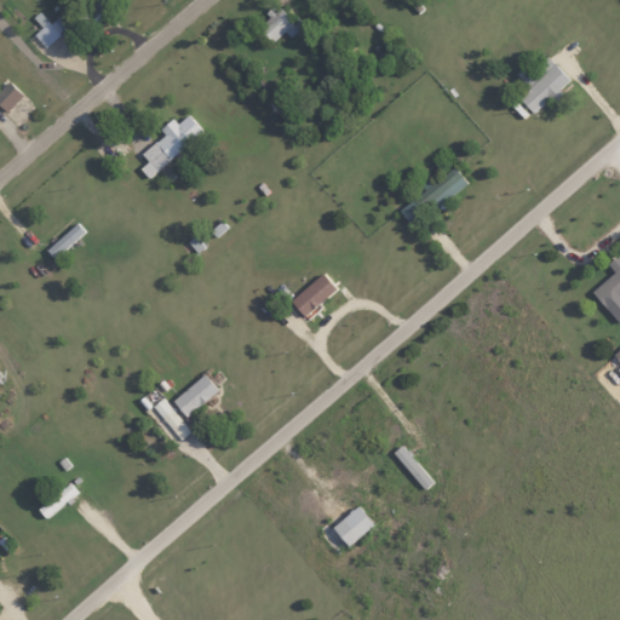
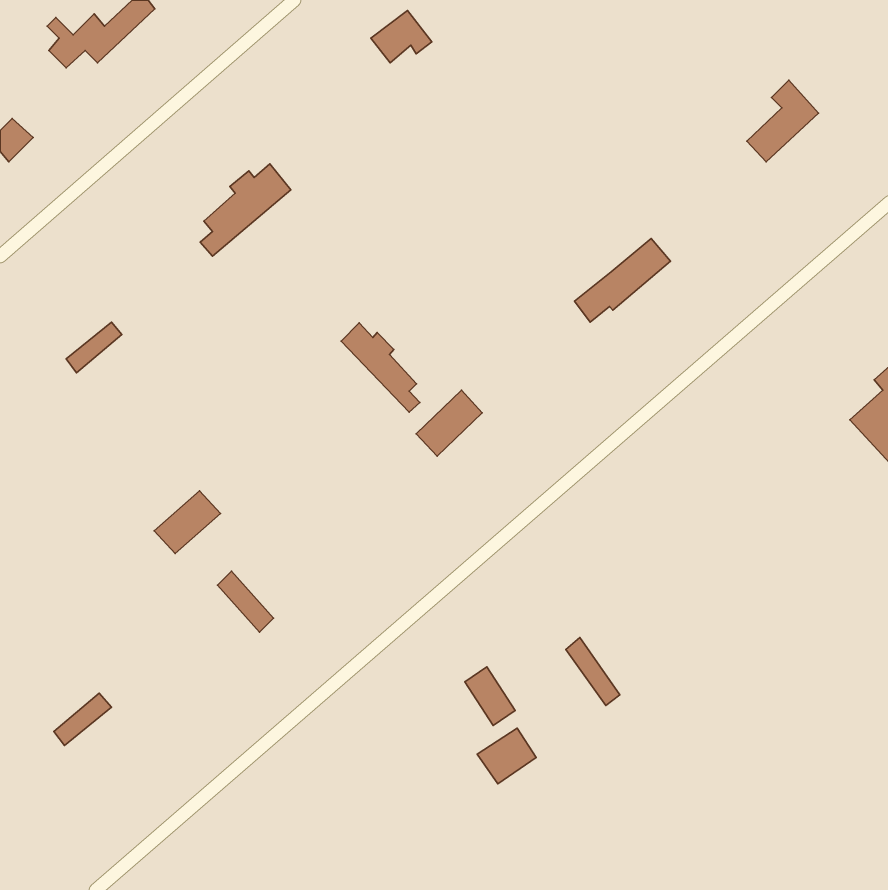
building: none -> [341,323,420,412]
building: [173,373,219,417] -> [154,491,220,553]
building: none -> [465,667,515,725]

